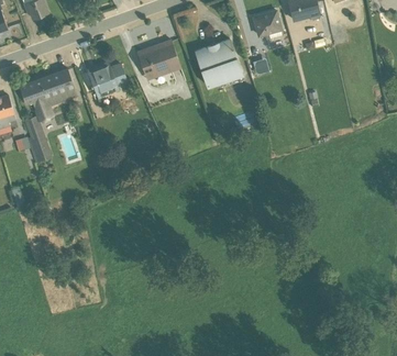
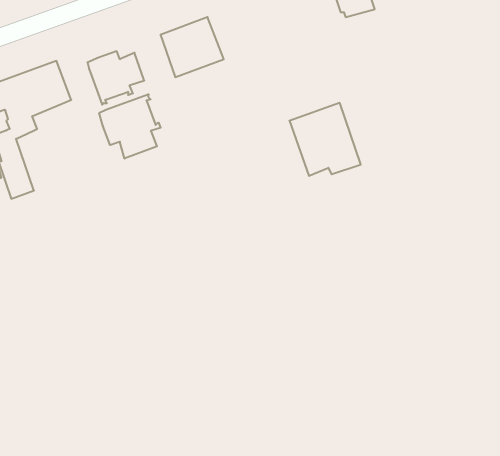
building: [195,37,243,87] -> [289,103,361,176]
building: none -> [99,94,161,159]

